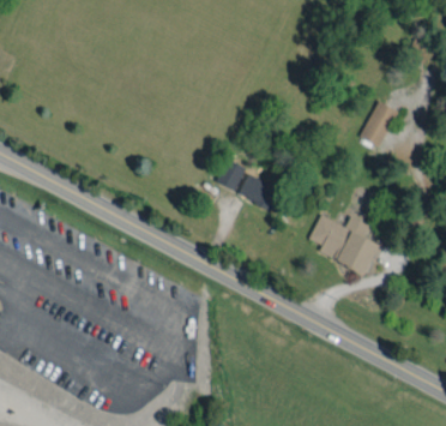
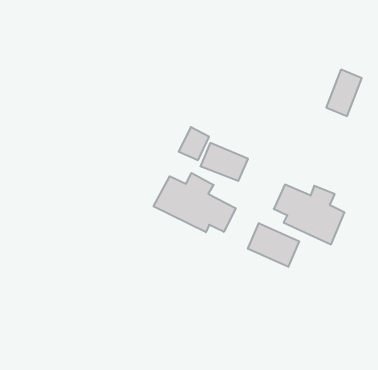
building: none -> [154,173,236,232]
building: none -> [248,223,299,267]

